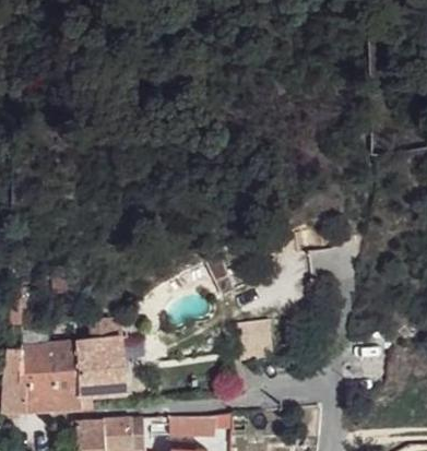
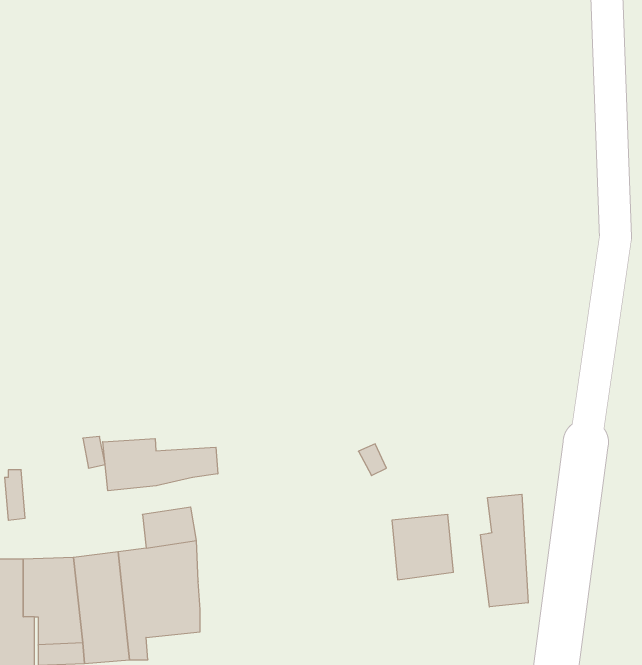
building: none -> [103,439,218,491]
building: none -> [481,494,528,607]

